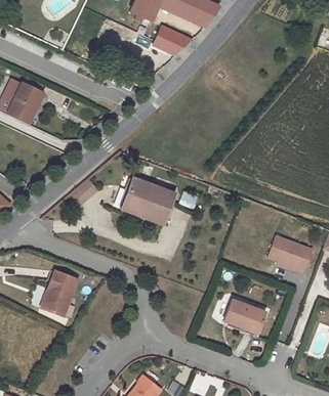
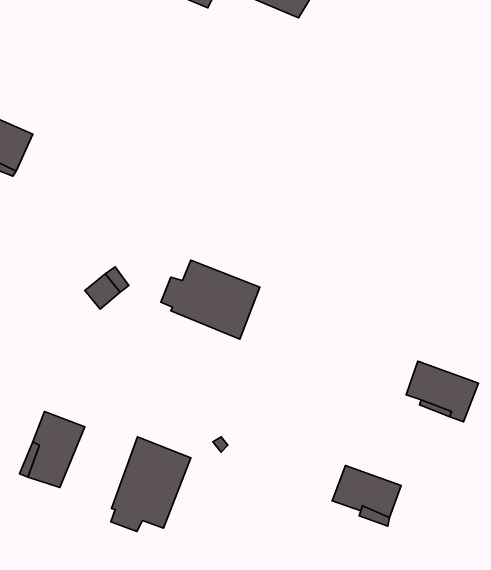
building: [154,28,192,55] -> none
building: none -> [111,437,191,532]

